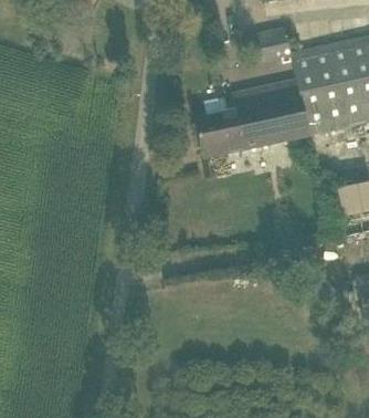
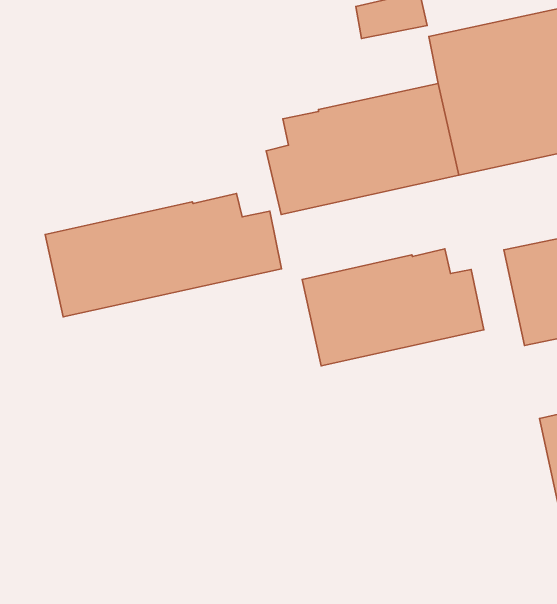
building: none -> [45,193,282,317]
building: none -> [302,249,484,366]

